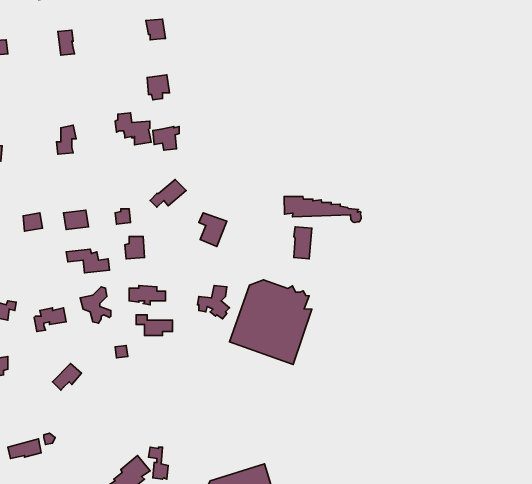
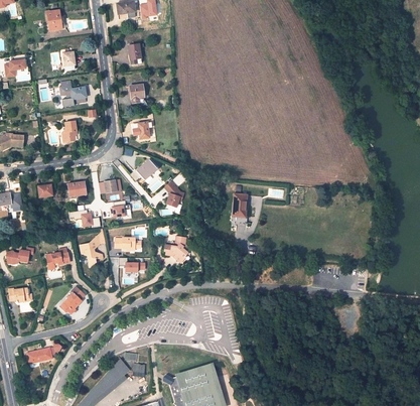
building: [115,113,151,145] -> [59,81,86,104]
building: [284,197,361,222] -> none
building: [230,280,312,364] -> none

